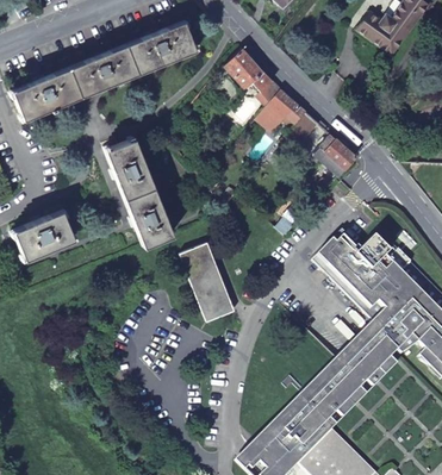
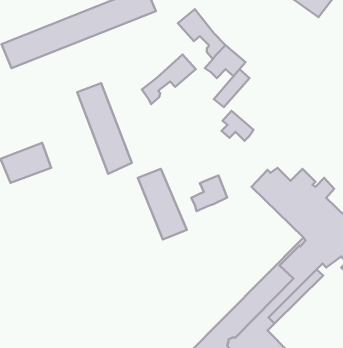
building: none -> [142,54,196,104]
building: [318,133,356,169] -> [222,111,253,141]
building: none -> [191,176,227,211]

